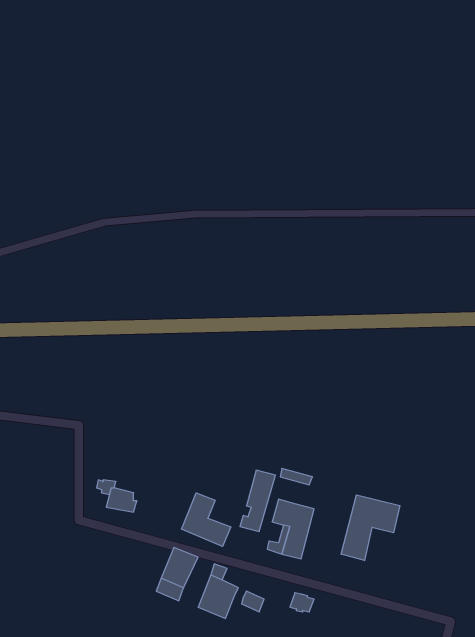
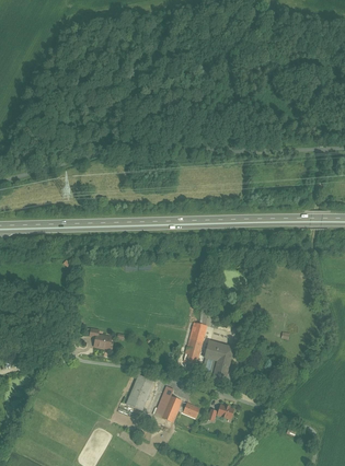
building: [181,493,231,546] -> none
building: [341,495,400,561] -> none

